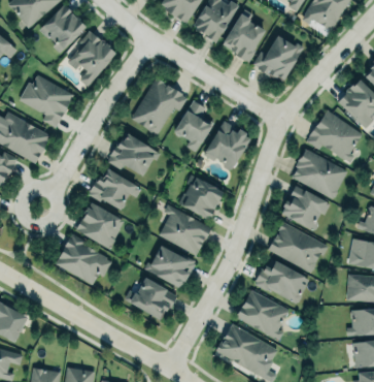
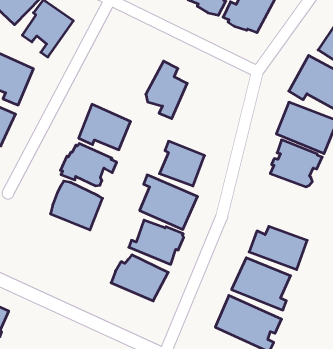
building: [131,76,188,136] -> none
building: [202,121,250,171] -> none
building: [268,224,327,273] -> none
building: [55,236,113,285] -> none

